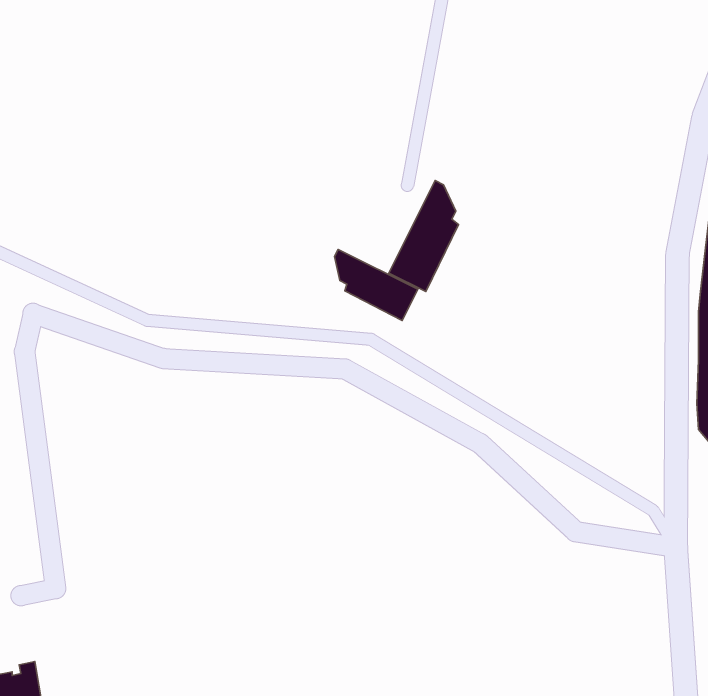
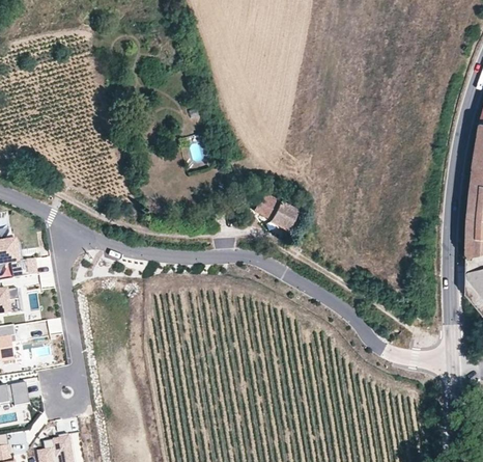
building: [389,181,459,292] -> none

